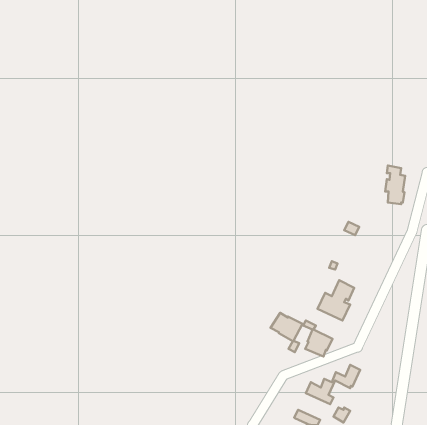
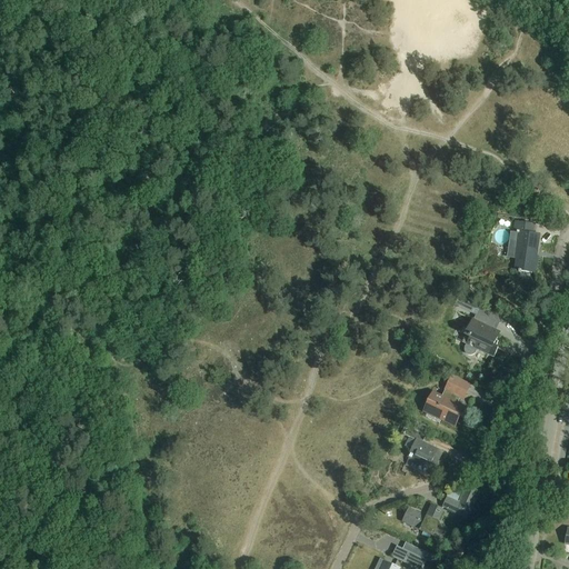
building: none -> [462,307,499,355]
building: [270,313,303,352] -> none

